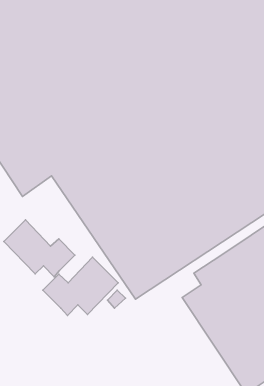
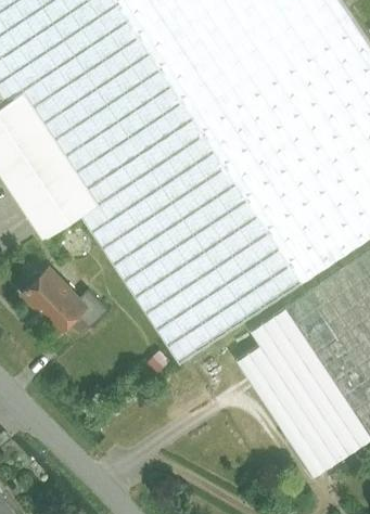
building: [43,257,118,315] -> none

